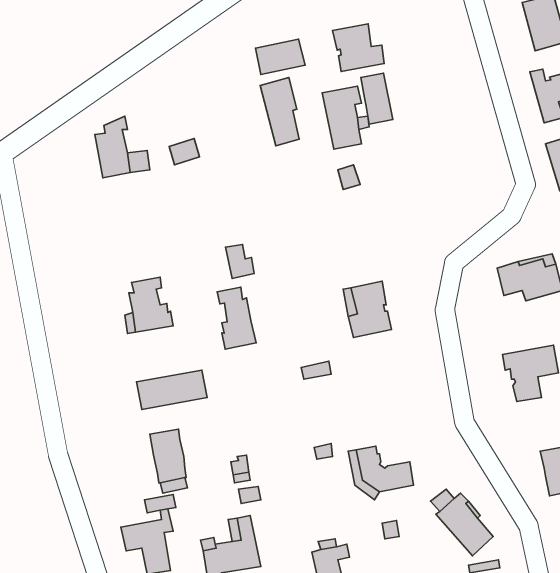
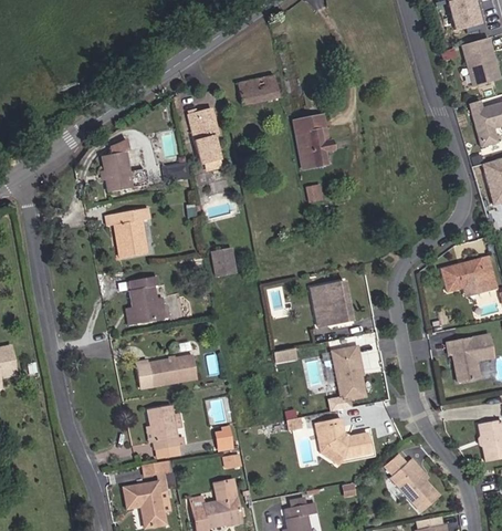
building: [332,24,384,72] -> none
building: [361,73,393,124] -> none
building: [260,78,299,146] -> [187,107,220,165]
building: none -> [105,208,148,258]
building: [217,287,256,349] -> none
building: none -> [332,346,365,400]

